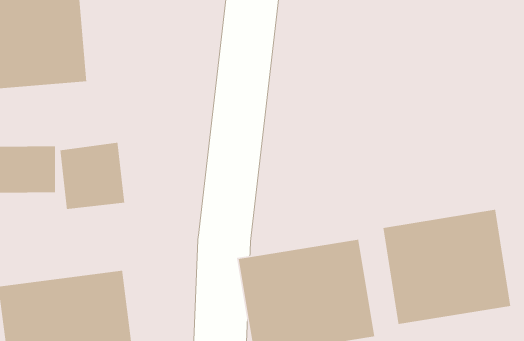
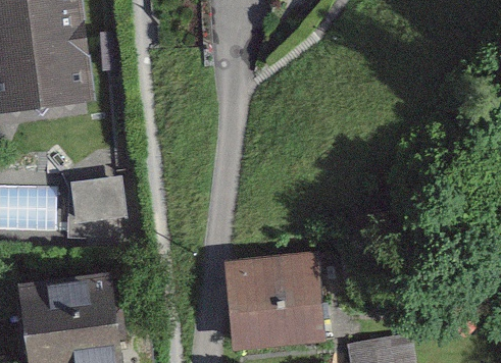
building: [382,209,511,325] -> none

